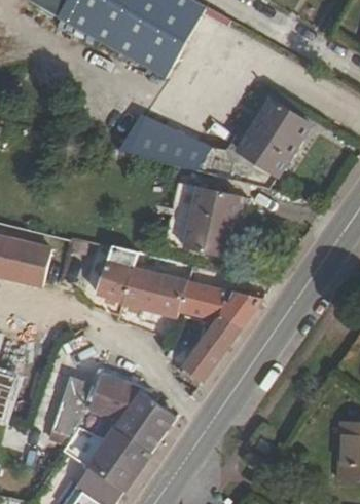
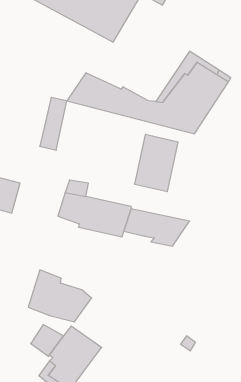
building: [172,186,206,251] -> [40,97,67,150]
building: [180,323,240,386] -> none
building: [113,392,177,455] -> none

